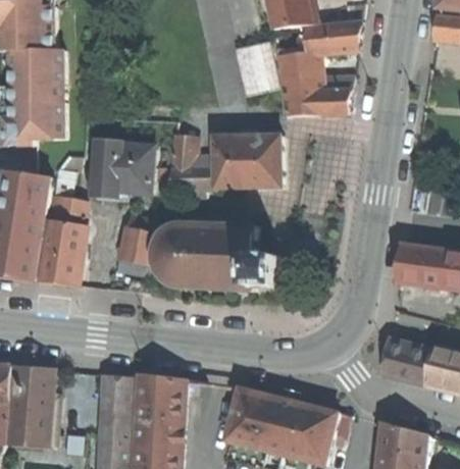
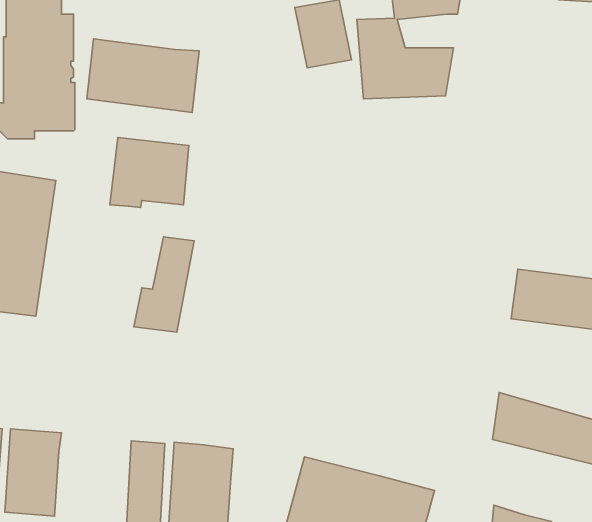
building: none -> [87,39,199,112]
building: [168,134,282,198] -> none
building: [41,169,87,284] -> none
building: [154,218,283,291] -> none

